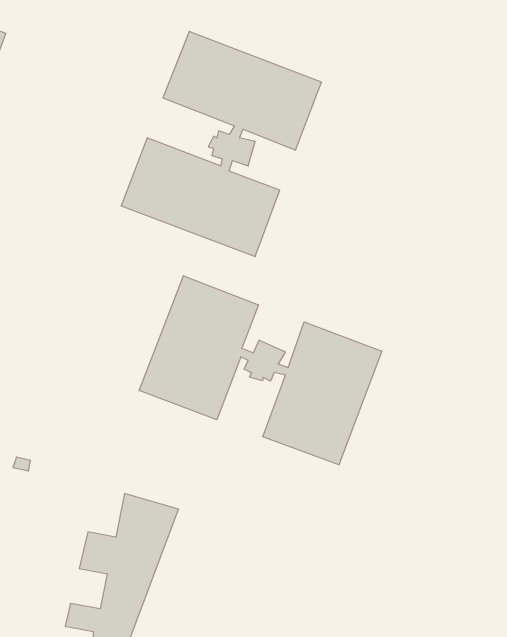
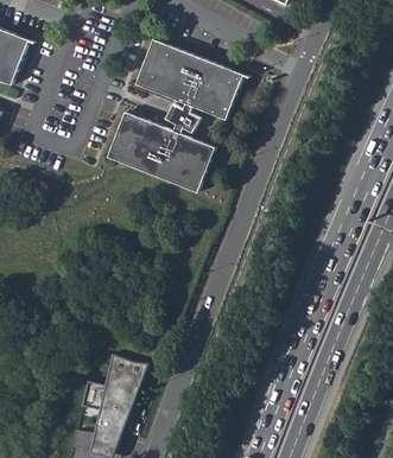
building: [139,276,382,465] -> none

